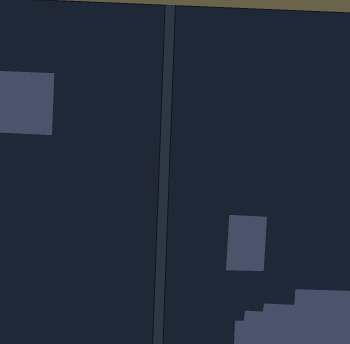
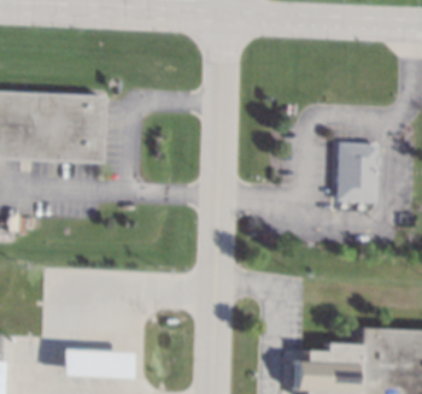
building: [225,214,268,272] -> [339,141,385,202]
building: none -> [61,351,130,378]

